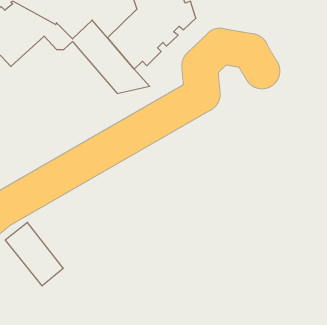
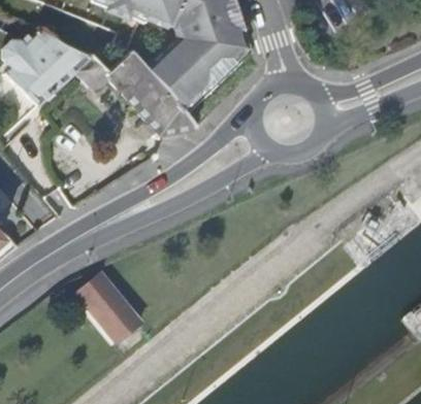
building: [5,222,63,286] -> [76,269,143,342]

